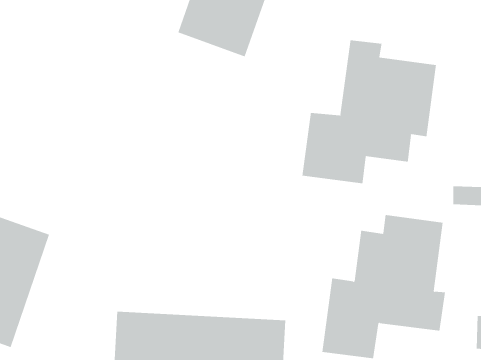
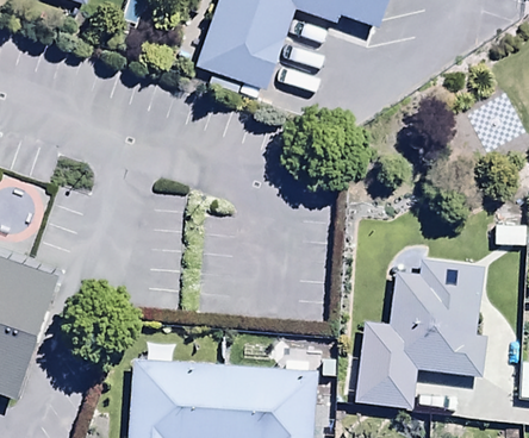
building: [302,40,436,184] -> none

